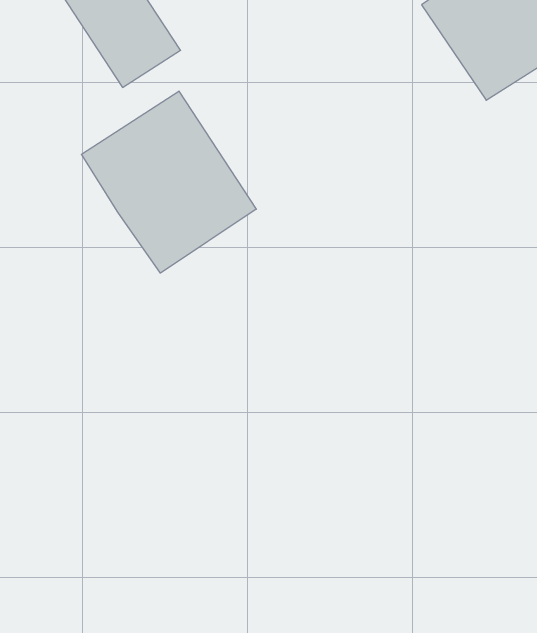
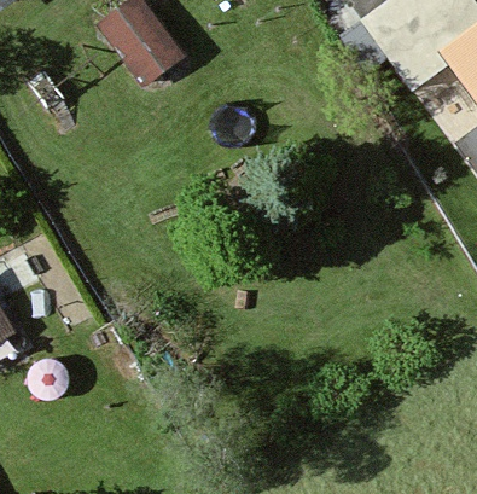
building: [81,91,256,273] -> none

